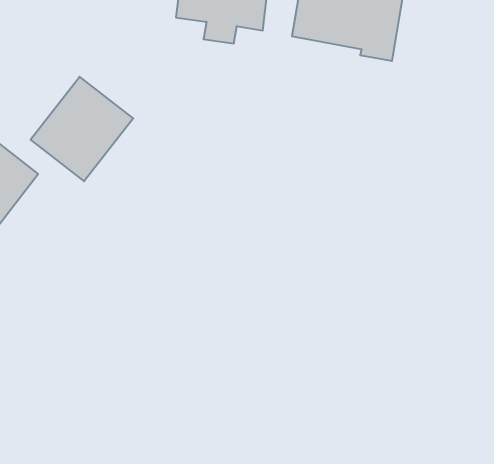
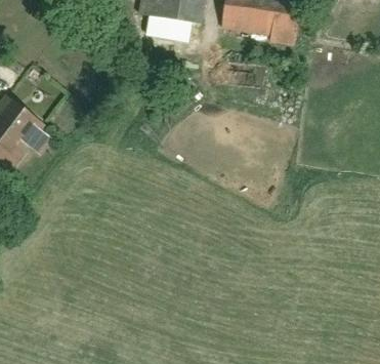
building: [31,77,133,181] -> none

